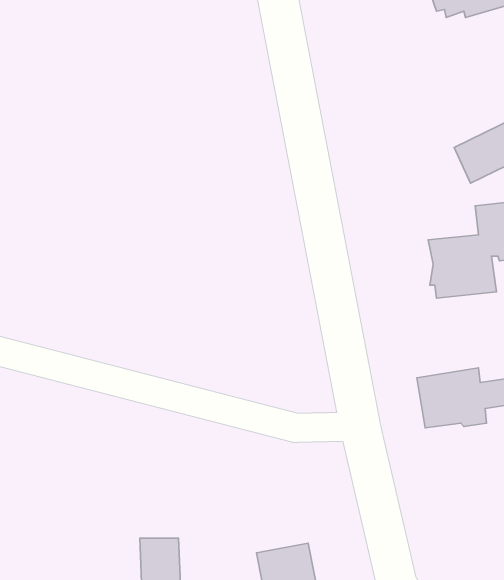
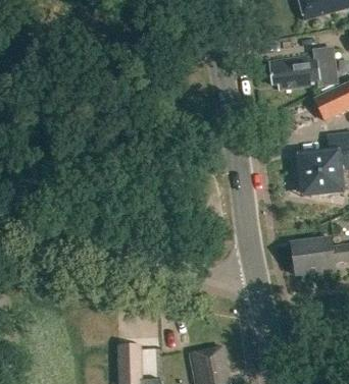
building: none -> [268,50,336,90]

